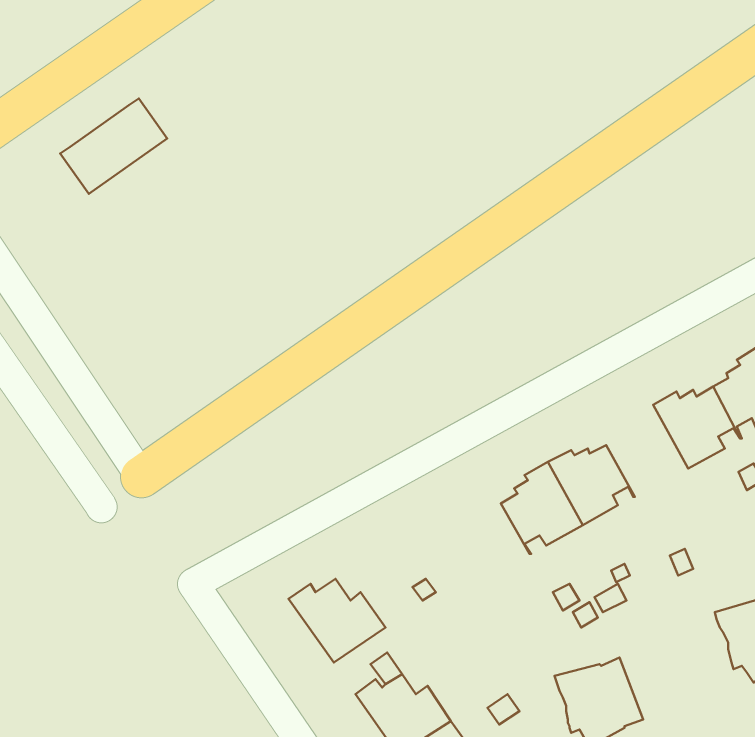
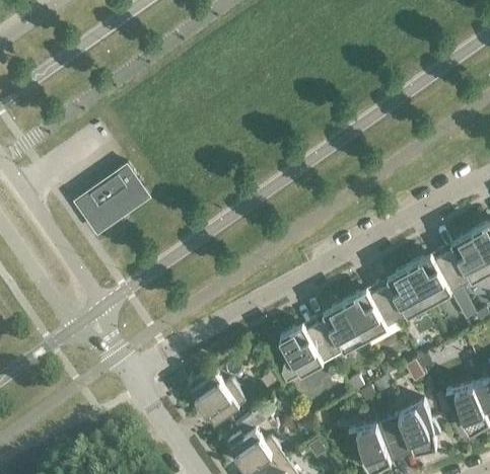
building: [60,98,167,194] -> [78,165,143,223]
building: none -> [379,267,429,323]
building: none -> [279,327,333,384]
building: none -> [388,401,439,458]

